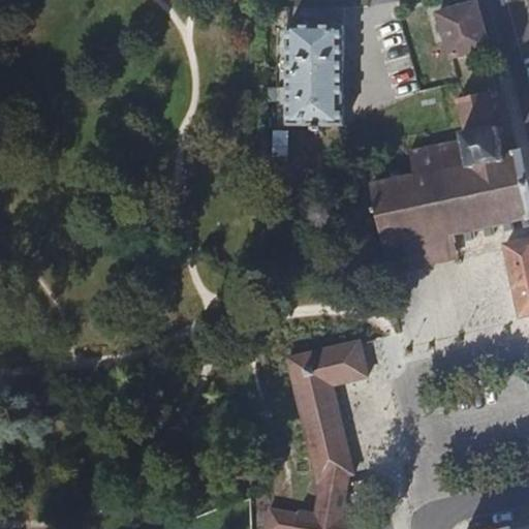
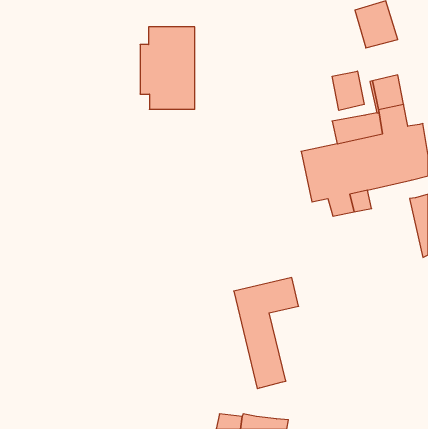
building: [274,24,341,125] -> [140,27,195,109]
building: none -> [332,71,364,110]
building: [315,469,347,515] -> none

